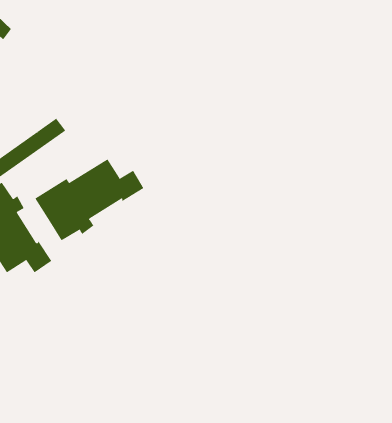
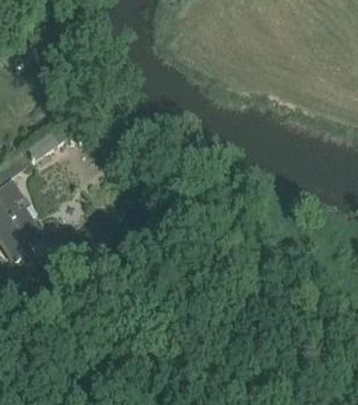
building: [35,159,144,241] -> none

